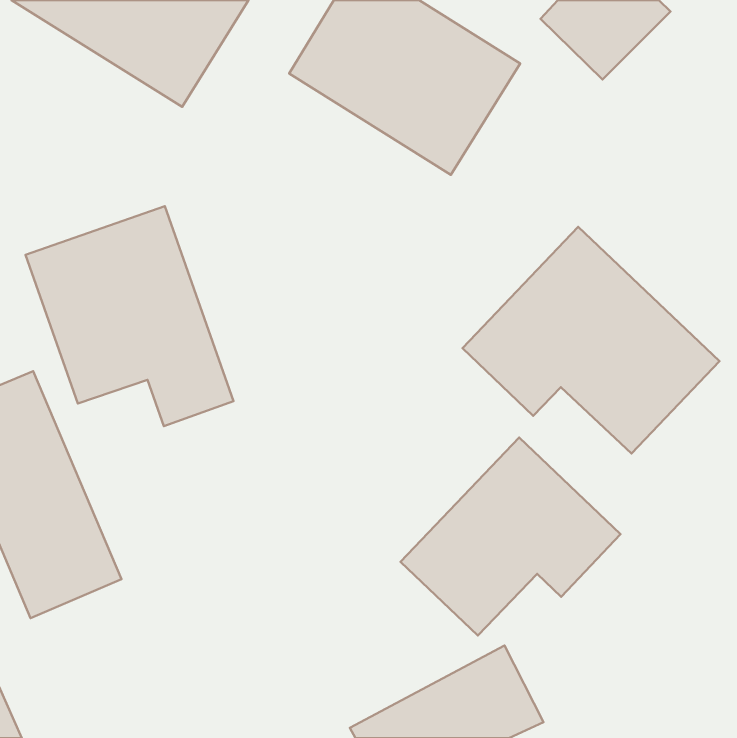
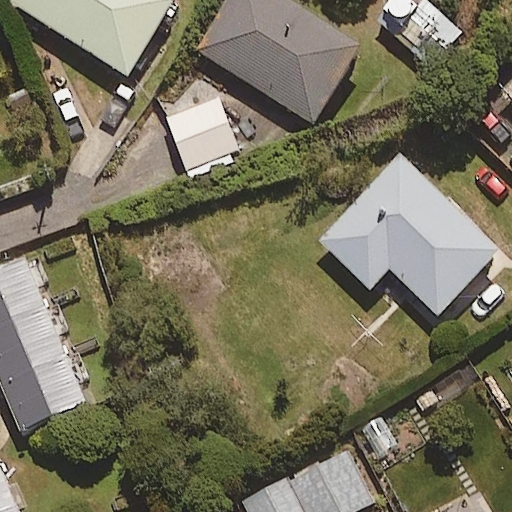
building: none -> [167,98,237,171]
building: [25,206,234,426] -> none
building: [400,438,621,635] -> none

